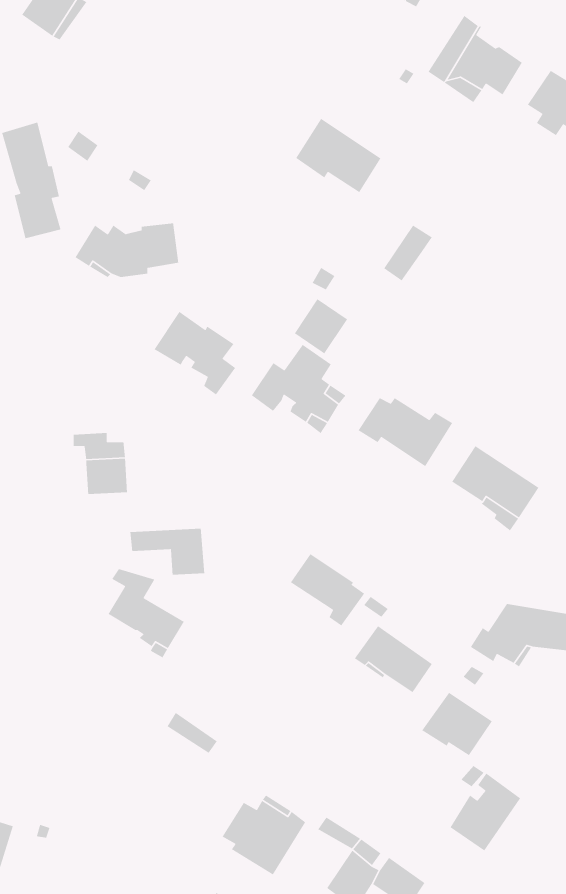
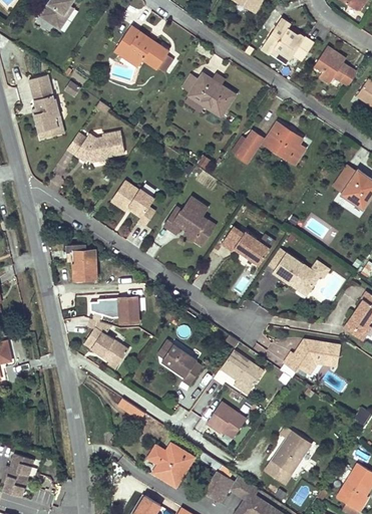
building: none -> [116,26,172,73]
building: none -> [263,123,304,165]
building: [294,298,348,354] -> none
building: [290,553,365,627] -> [160,345,202,386]
building: [421,692,493,756] -> [208,402,247,437]

